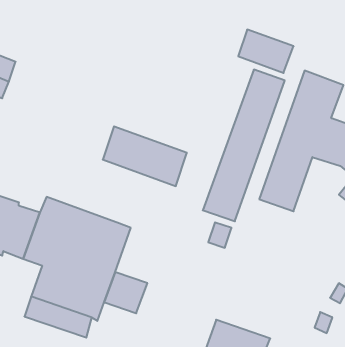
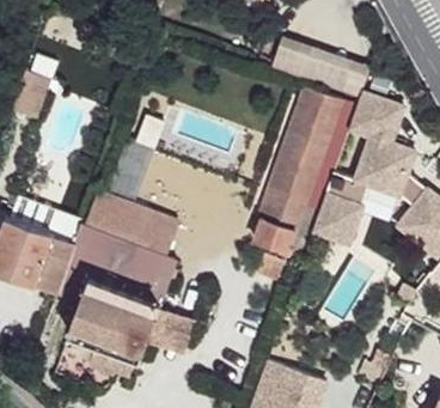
building: [103,126,187,186] -> [84,190,175,255]

